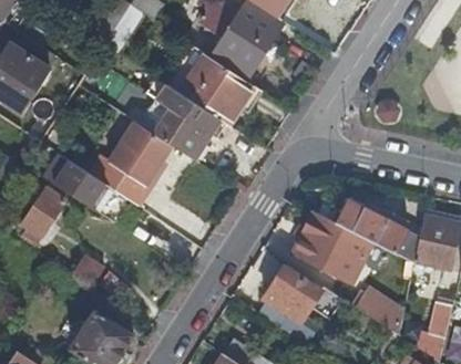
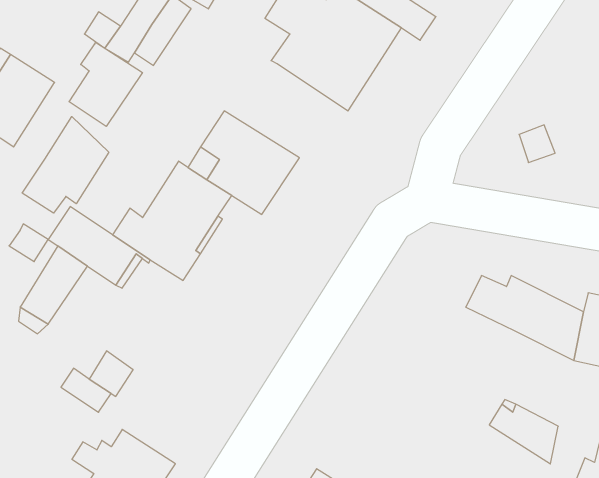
building: none -> [69,42,142,126]
building: [180,53,255,125] -> none
building: none -> [22,117,109,213]
building: [293,212,371,283] -> none
building: [262,268,320,323] -> none

